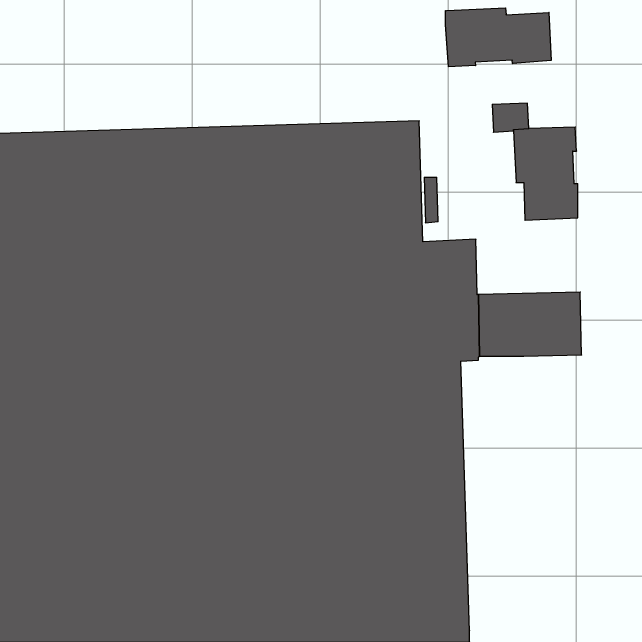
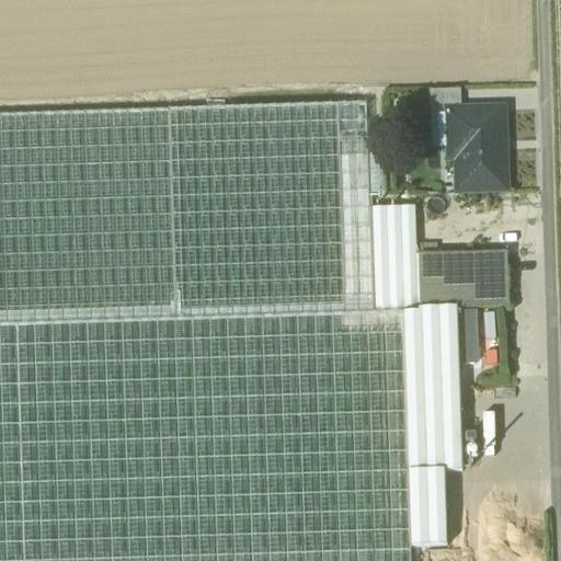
building: [445,8,551,67] -> none
building: none -> [401,310,461,549]

